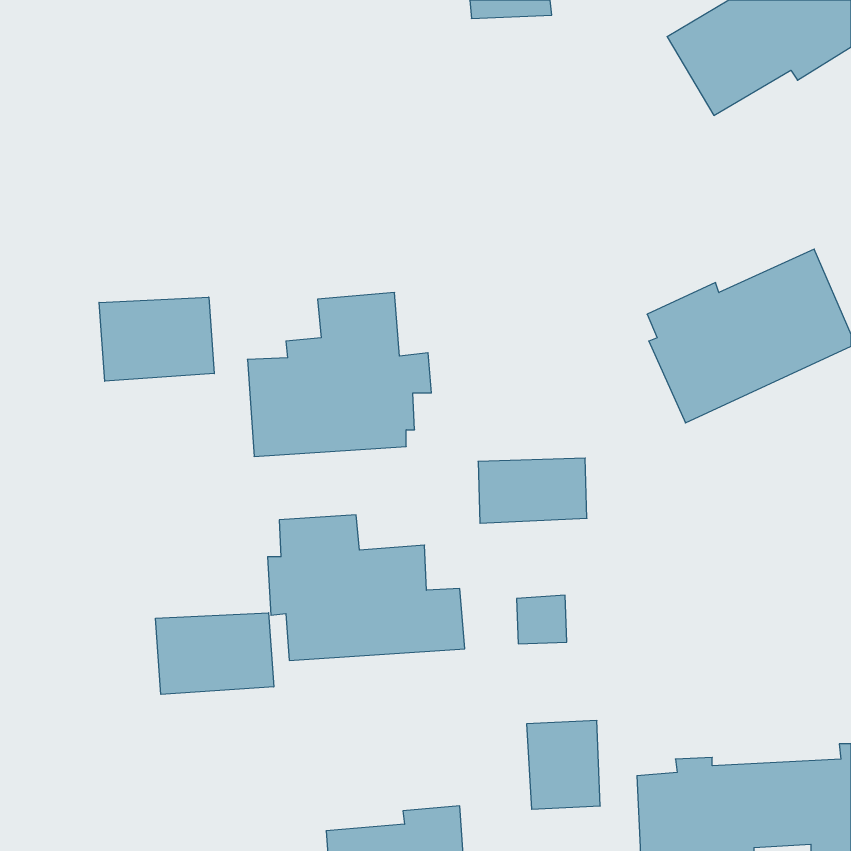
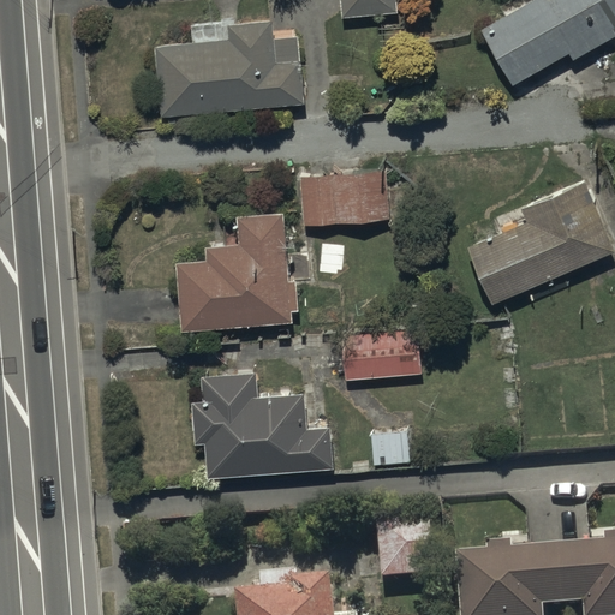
building: none -> [155,20,303,117]
building: none -> [300,174,387,225]
building: [99,297,214,381] -> none
building: [156,613,274,694] -> none

